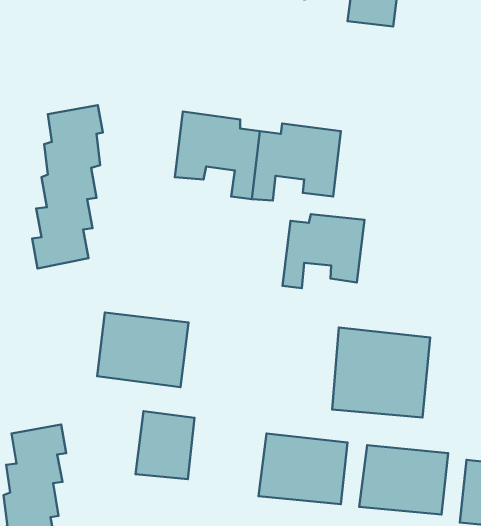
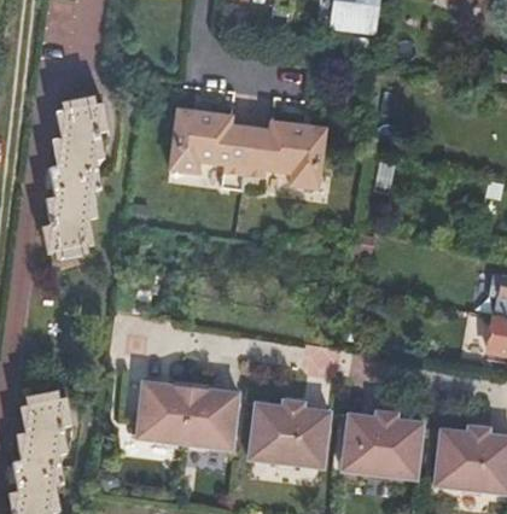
building: [283,214,364,288] -> none
building: [97,313,189,387] -> none
building: [332,328,430,417] -> none
building: none -> [183,389,238,450]

